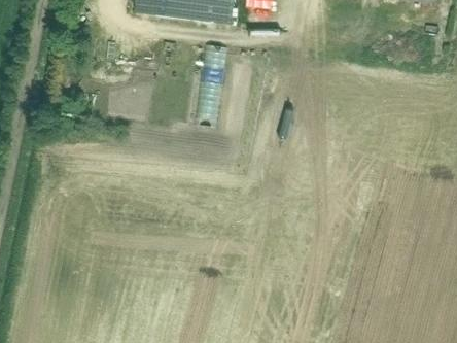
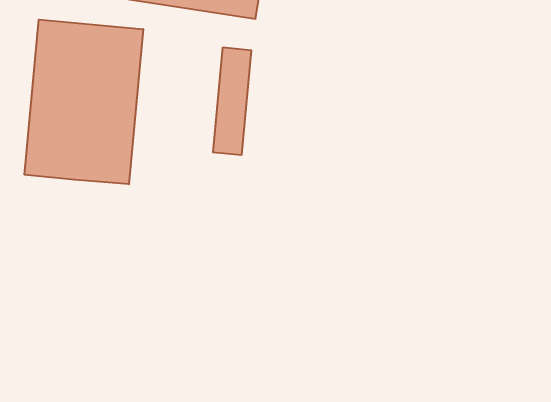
building: none -> [25,20,143,184]

